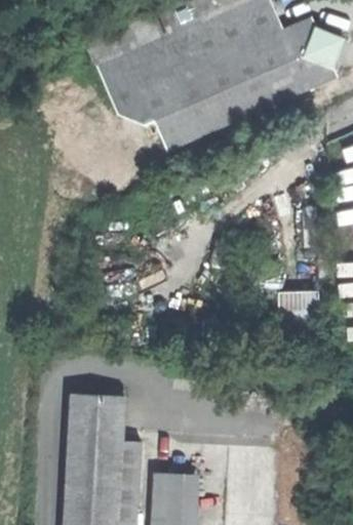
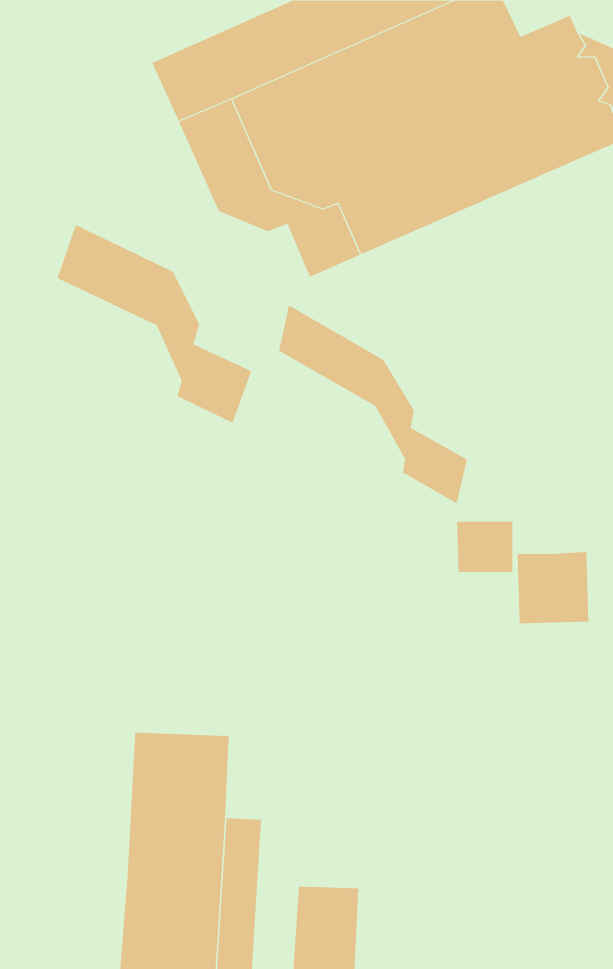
building: none -> [57,224,252,423]
building: none -> [279,304,467,504]

